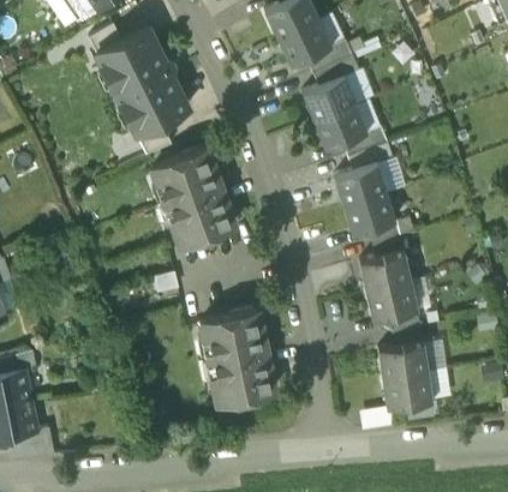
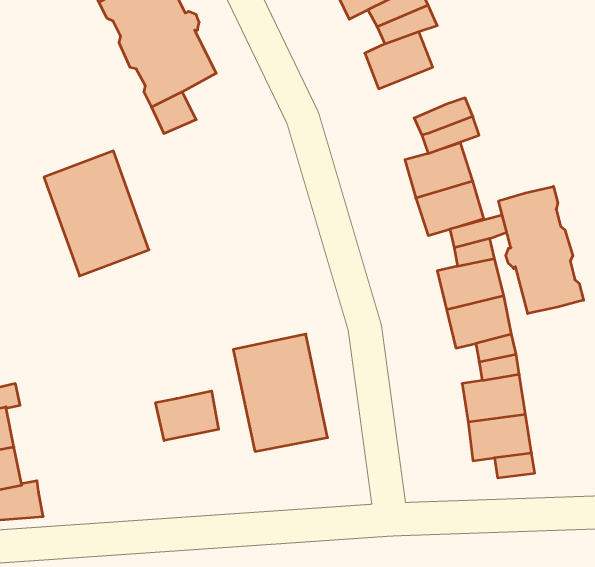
building: [312,102,365,148] -> none
building: [151,148,233,245] -> [44,151,149,276]
building: none -> [499,186,584,314]
building: none -> [156,391,219,441]

